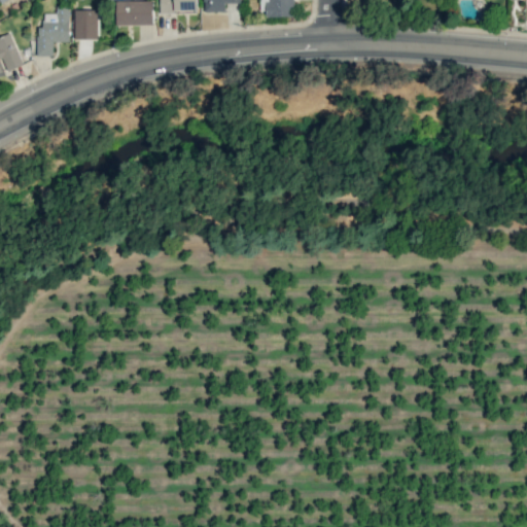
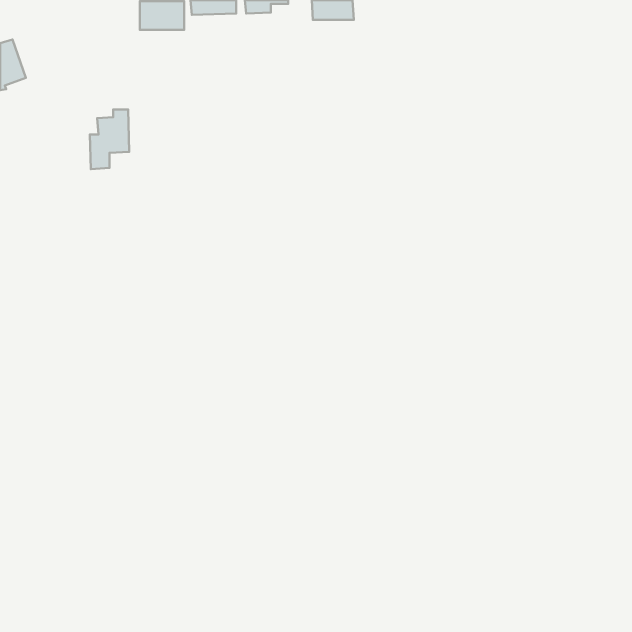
building: [36,6,69,56] -> [90,110,129,169]
building: [74,9,98,39] -> none

